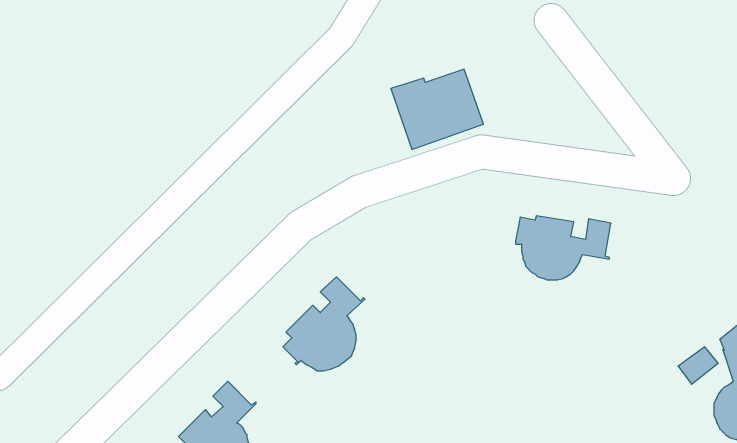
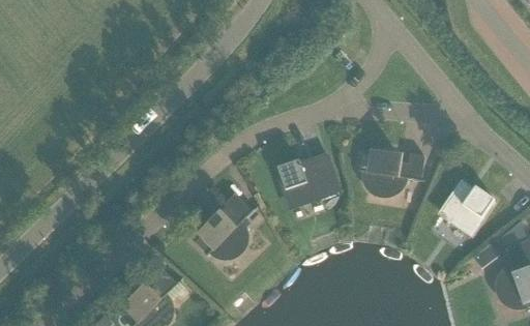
building: [391,69,483,150] -> [276,153,341,209]
building: none -> [441,182,494,234]

